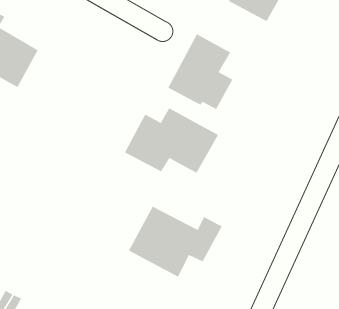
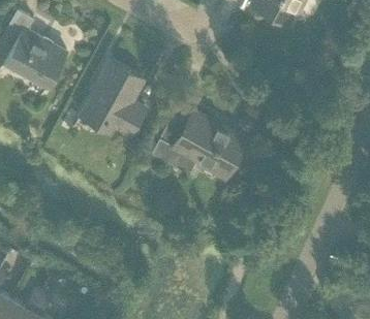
building: [167,34,233,110] -> [81,62,146,137]
building: [128,206,222,278] -> none

